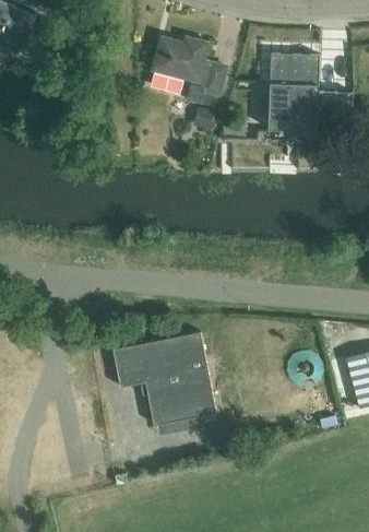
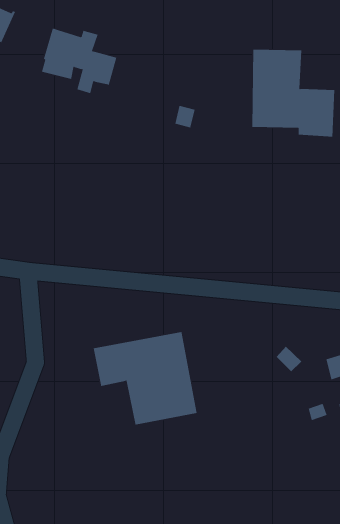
building: [151,37,226,103] -> [41,28,117,94]

